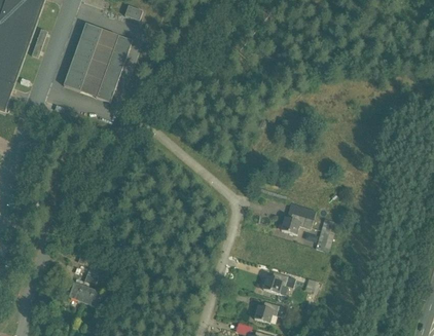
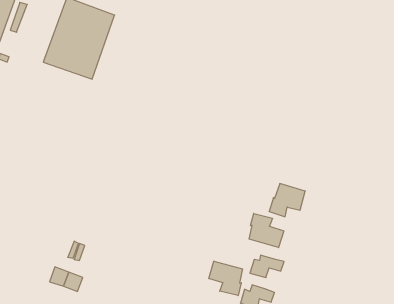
building: none -> [249,213,284,248]
building: none -> [209,261,242,296]

